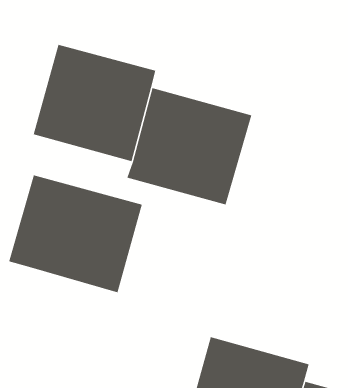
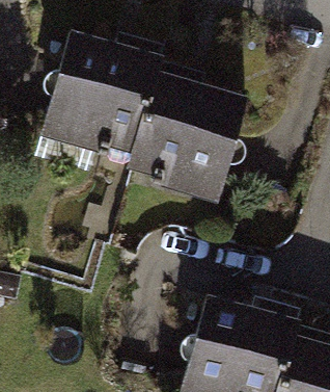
building: [8,174,142,293] -> none

